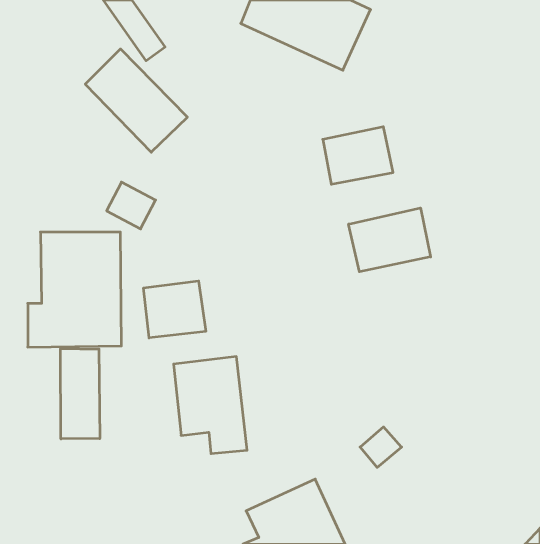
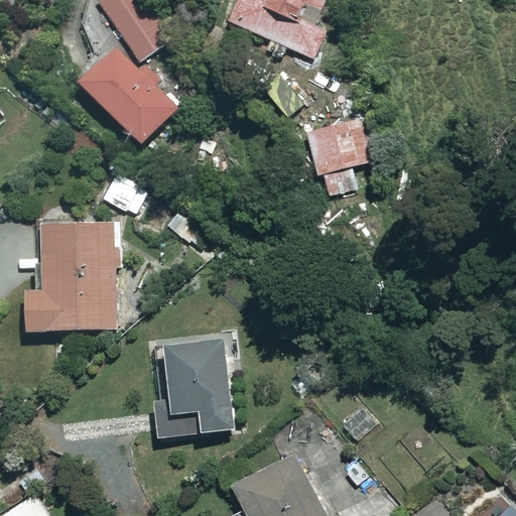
building: [349,208,431,272] -> none
building: [144,281,206,338] -> none
building: [61,349,100,439] -> none

